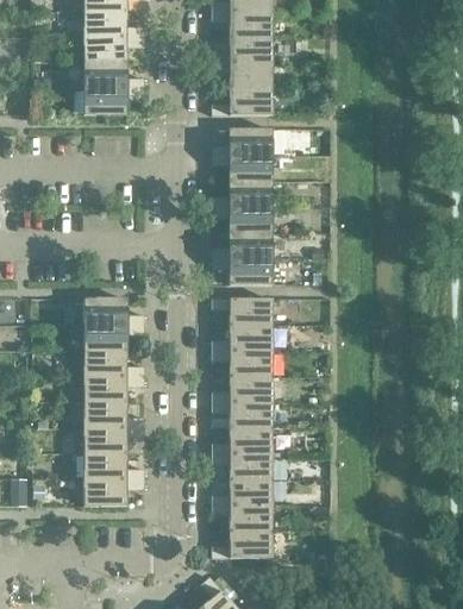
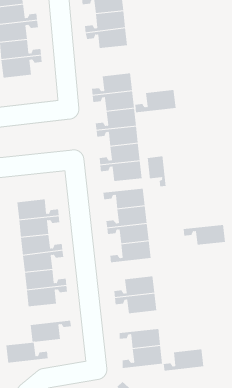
building: [211,87,271,114] -> [134,90,176,113]
building: none -> [147,156,166,187]
building: [211,401,271,427] -> [183,224,226,245]
building: [83,452,144,478] -> [6,342,49,363]
building: [212,478,271,504] -> [163,349,204,371]

